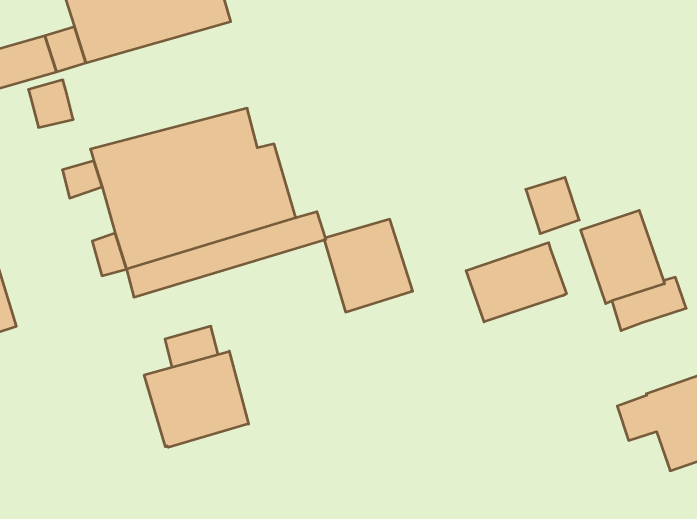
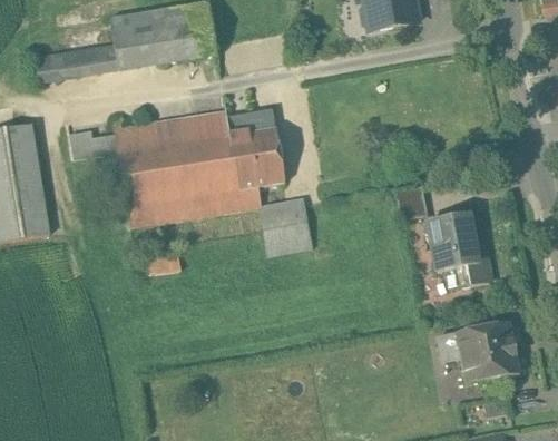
building: [28,80,73,127] -> [69,129,96,158]
building: none -> [219,109,285,188]
building: [466,243,566,322] -> none
building: [144,351,249,447] -> none

